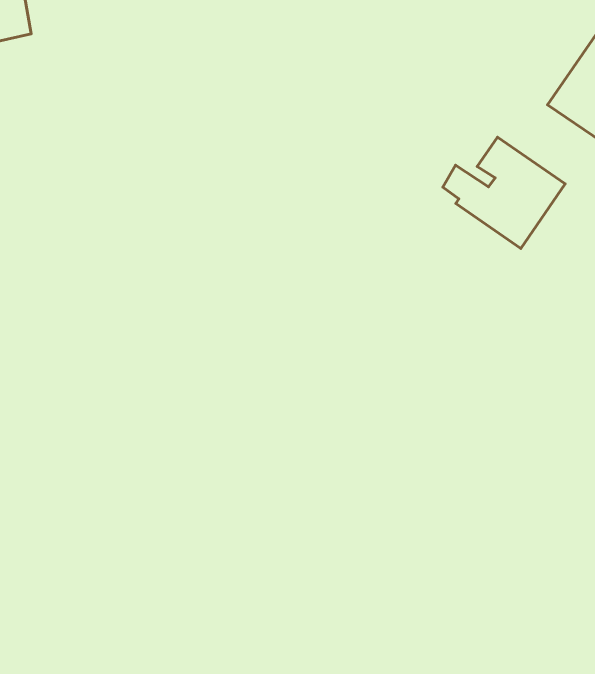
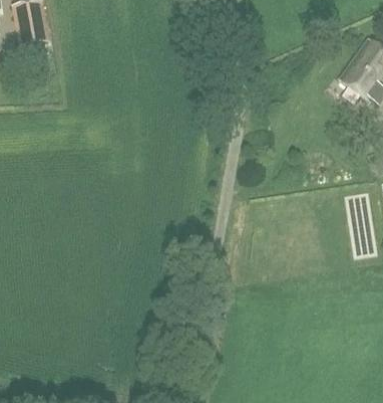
building: [443,137,565,249] -> none

